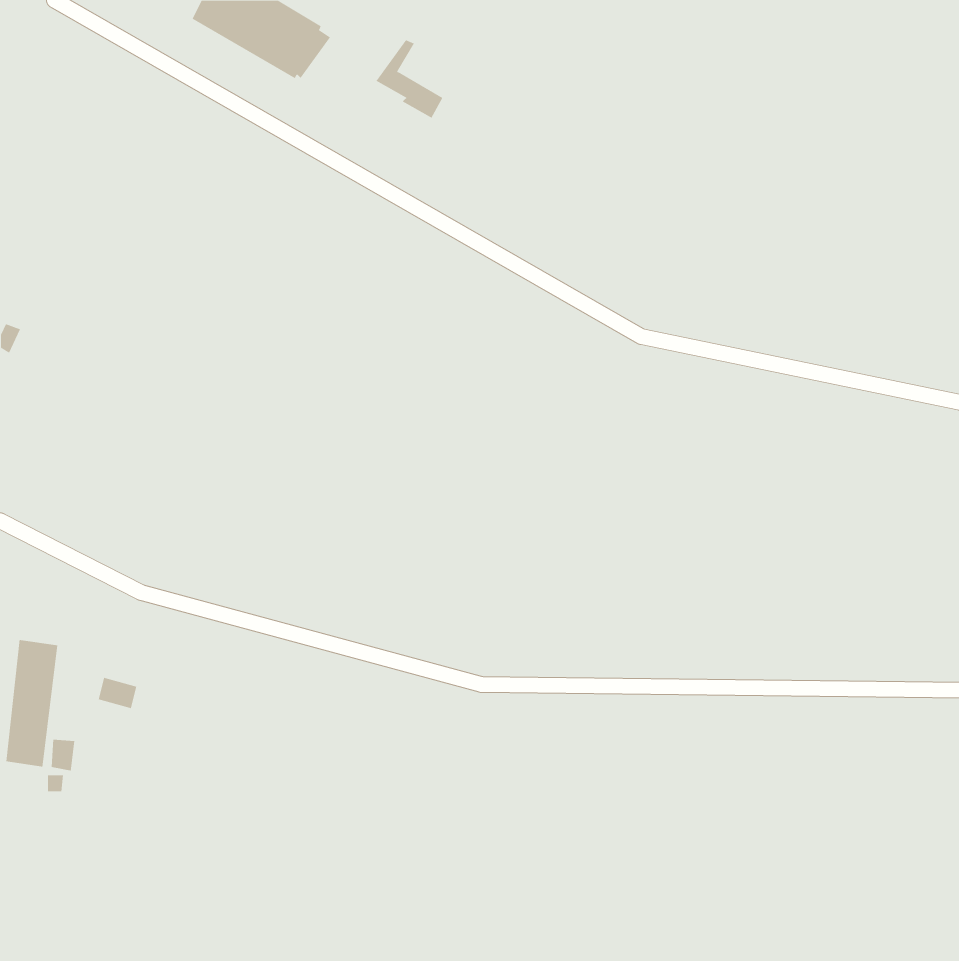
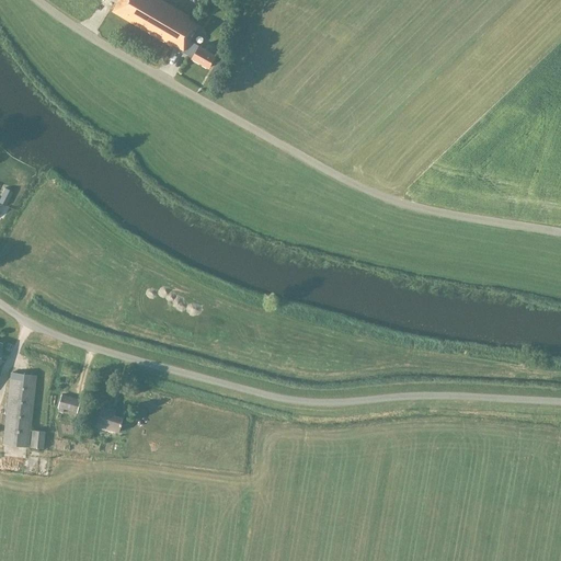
building: [375,40,443,119] -> [176,22,216,68]
building: none -> [96,407,123,433]

